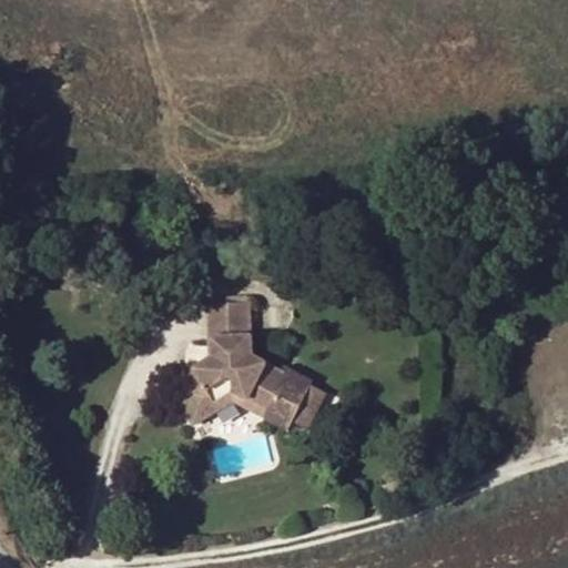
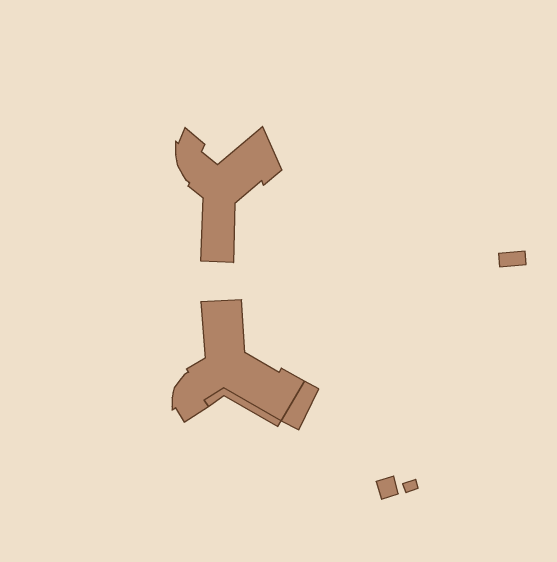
building: none -> [176,126,282,263]

